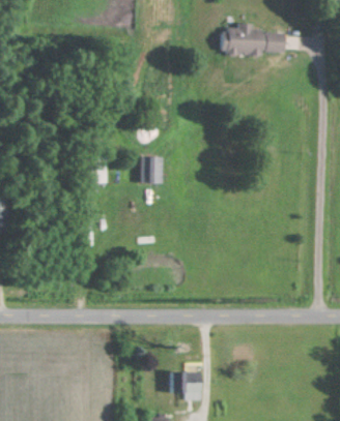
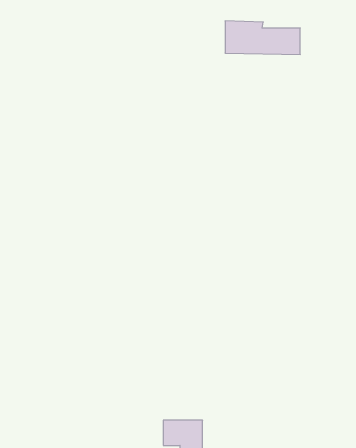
building: [143,156,165,183] -> none

